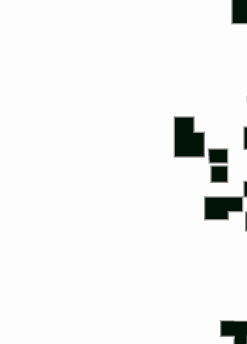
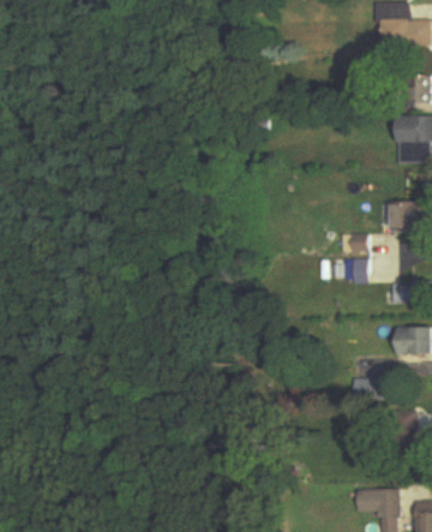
building: [174,117,204,157] -> none
building: [205,197,242,220] -> none

